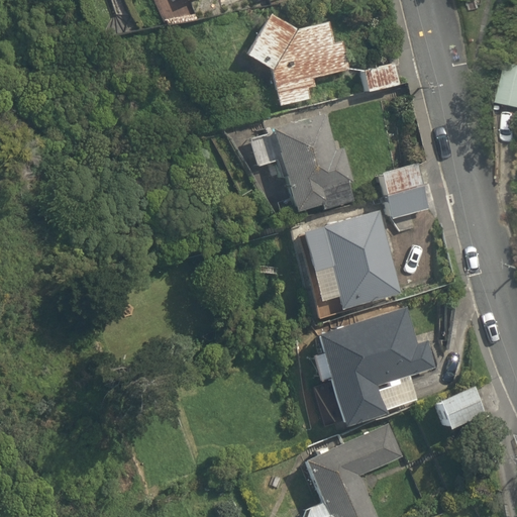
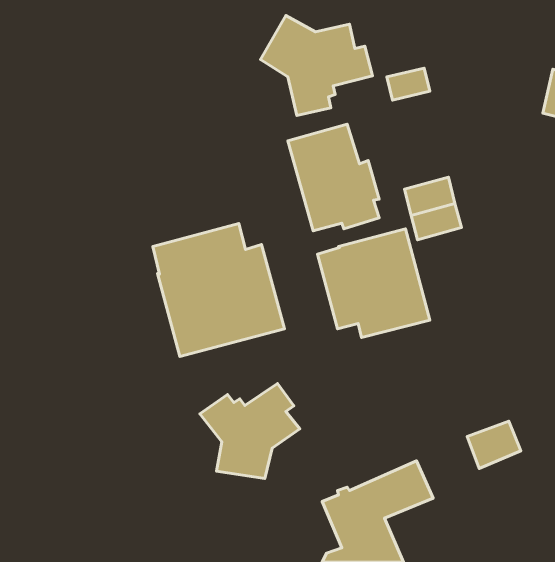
building: none -> [153,224,284,356]
building: [310,307,437,427] -> none
building: none -> [200,384,300,478]

